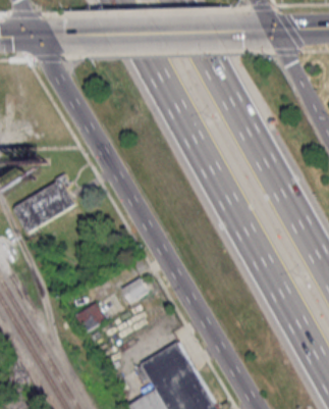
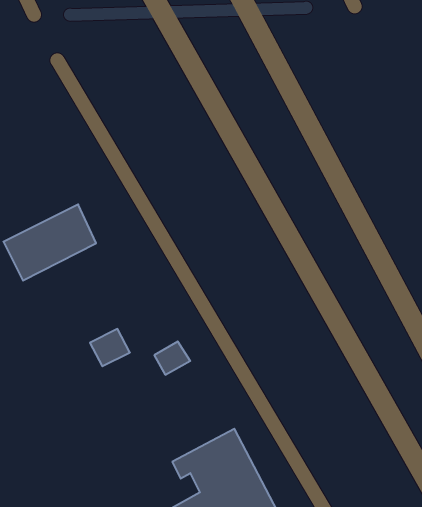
building: [75,303,105,330] -> [90,329,130,366]

